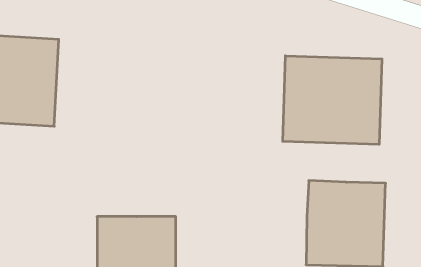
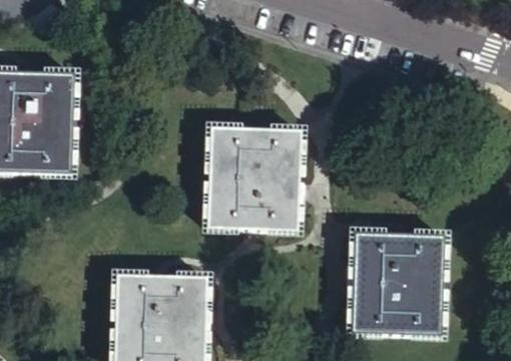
building: [283,56,382,144] -> none
building: none -> [206,125,297,228]

